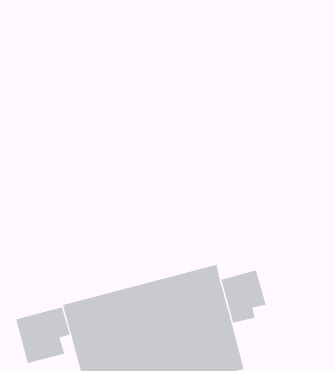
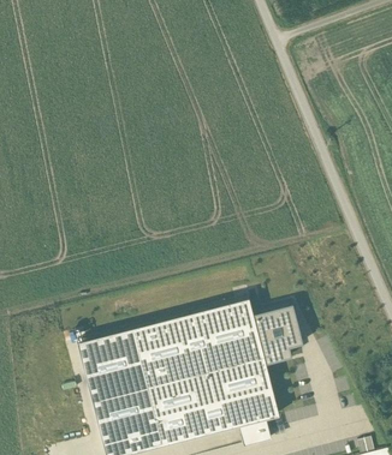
building: [16,307,70,364] -> none

